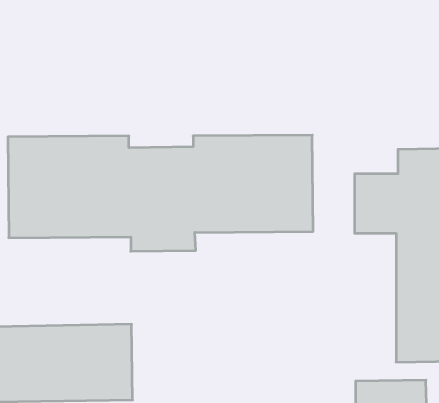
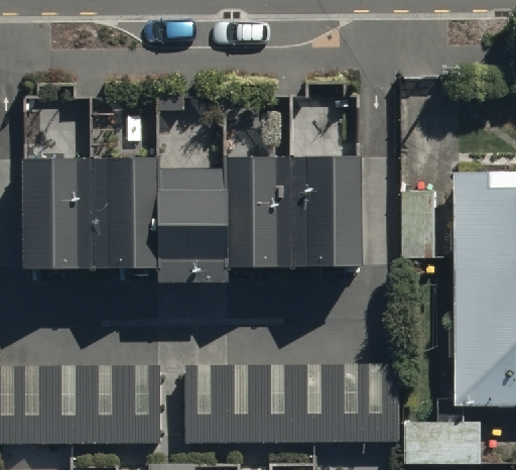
building: none -> [189,366,402,442]

